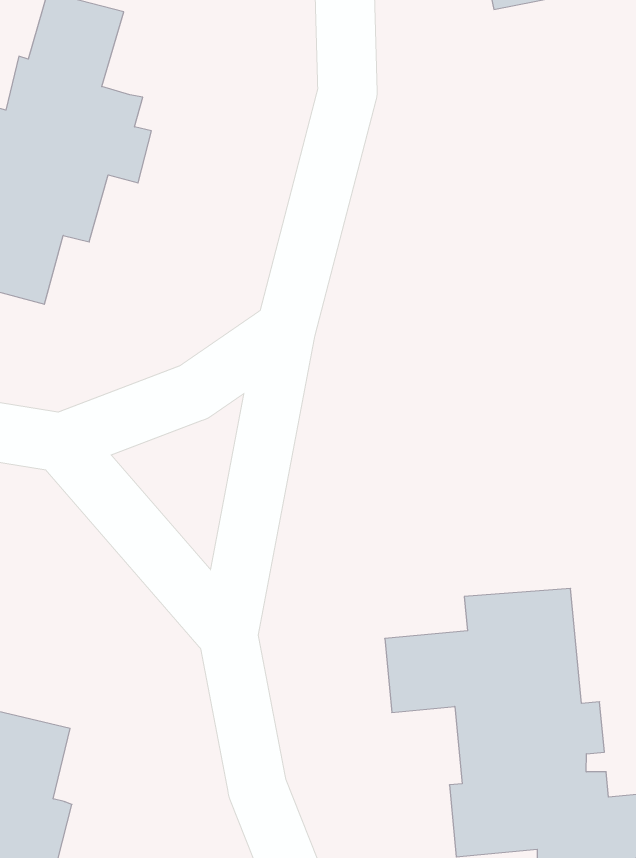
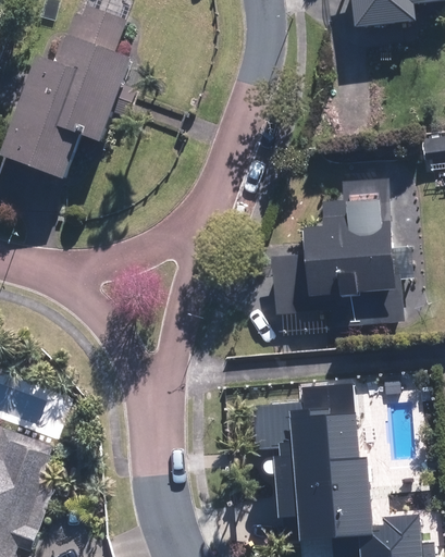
building: none -> [270,178,398,323]

